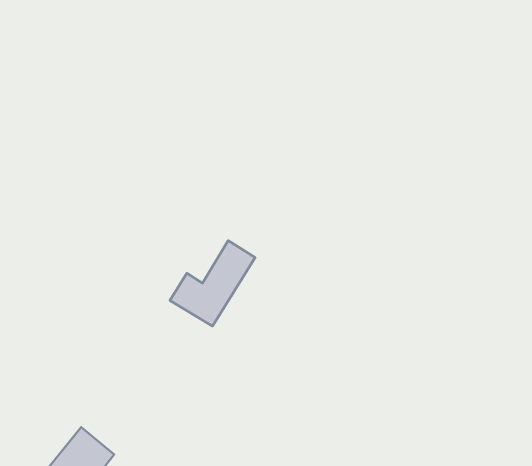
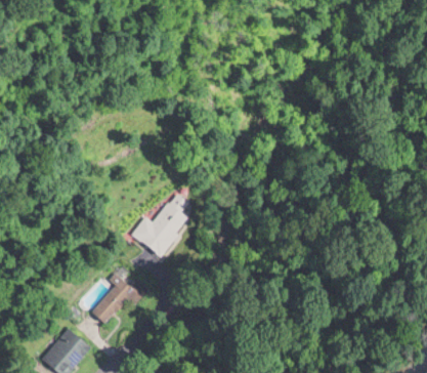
building: none -> [91,274,146,324]

